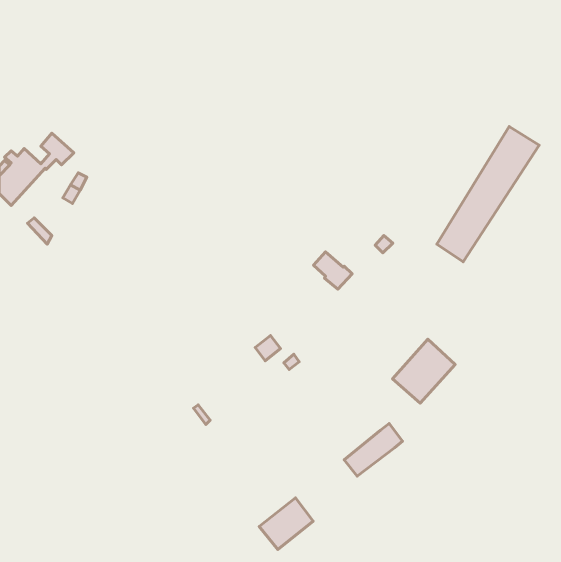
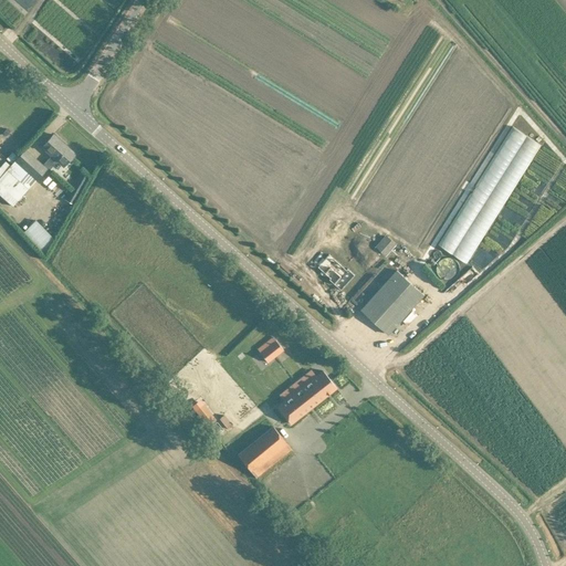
building: [393,339,455,403] -> [360,270,423,334]
building: [344,423,402,476] -> [276,370,335,423]
building: [259,498,313,550] -> [235,426,290,478]

